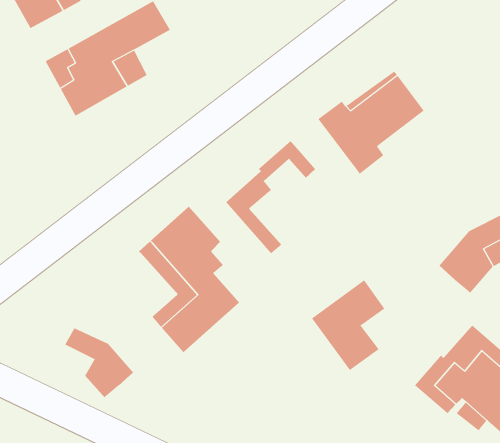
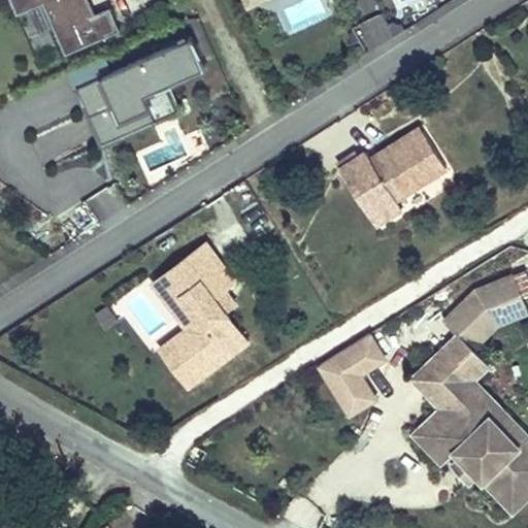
building: [226,140,316,254] -> none
building: none -> [411,337,487,411]
building: [65,328,134,398] -> none

